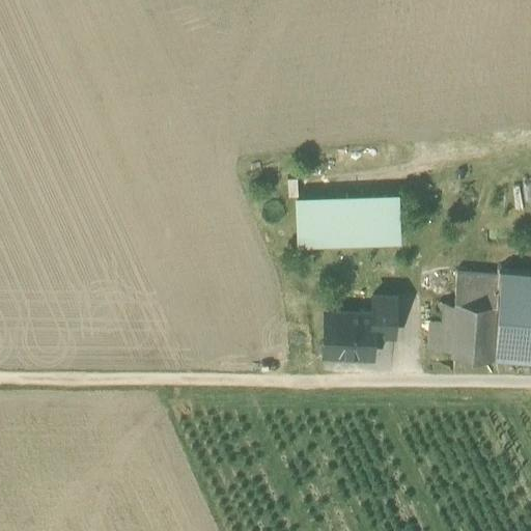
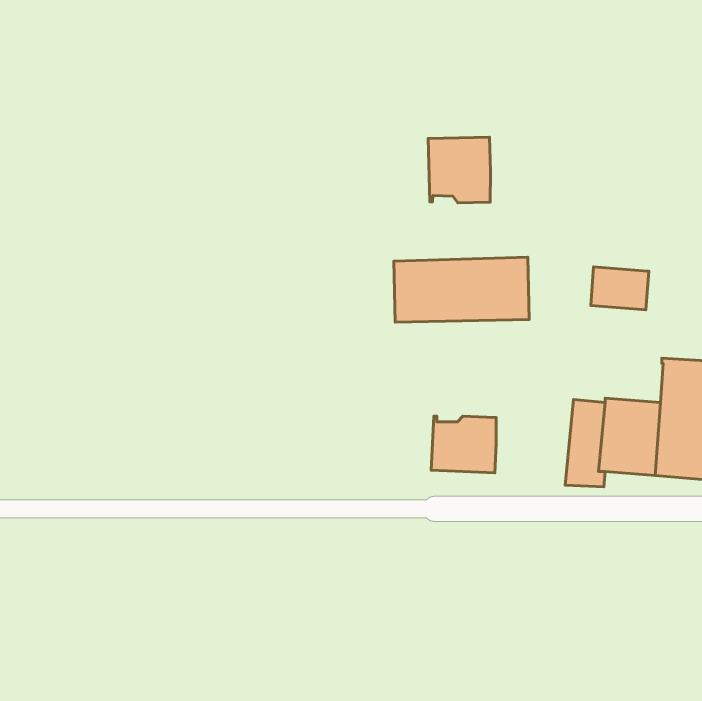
building: none -> [428,137,490,203]
building: [457,274,501,306] -> [591,267,649,310]
building: [374,300,397,337] -> none

